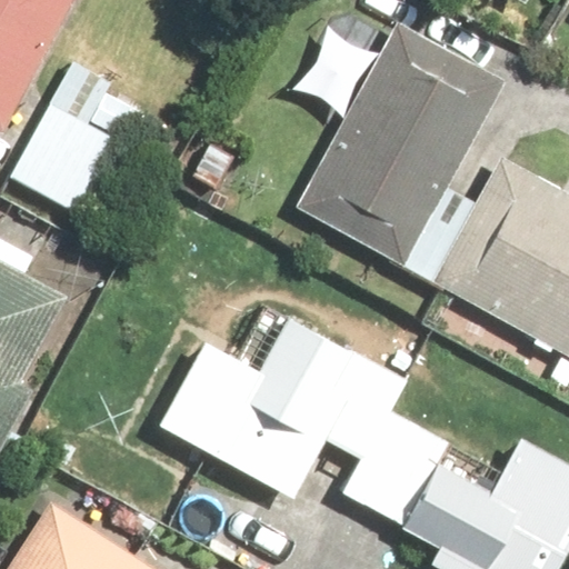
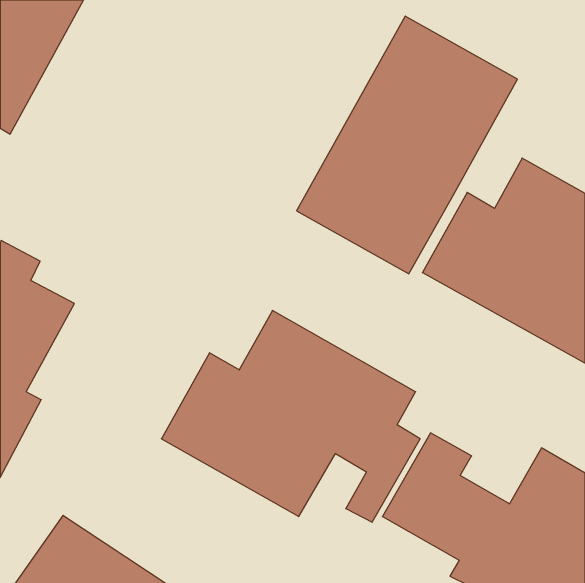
building: [20,63,157,217] -> none

